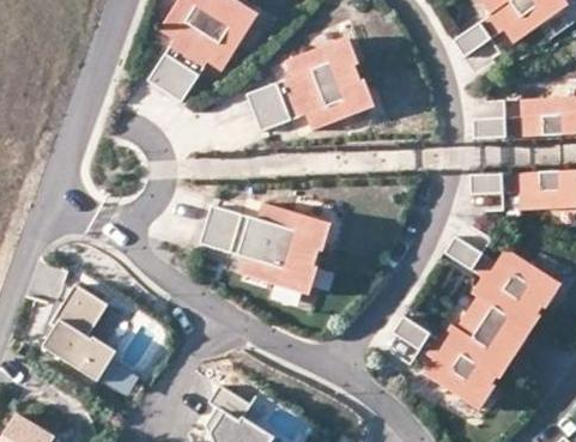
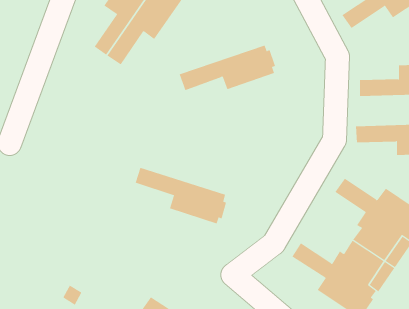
building: [249,40,360,111] -> none
building: [207,205,326,259] -> none
building: [42,281,116,379] -> none

